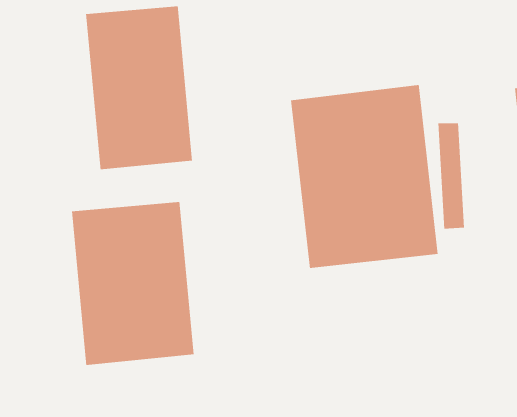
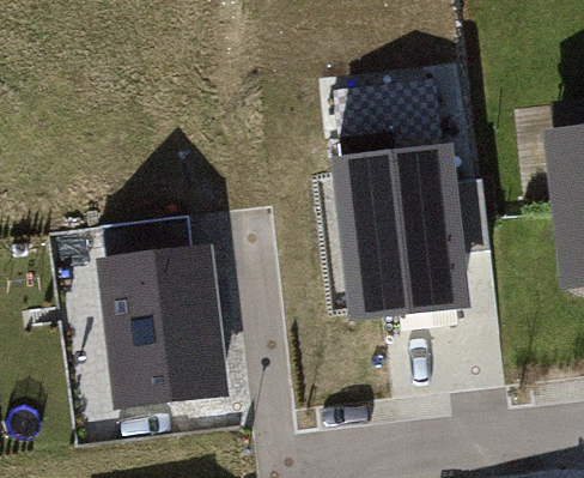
building: [85,5,193,170] -> none

